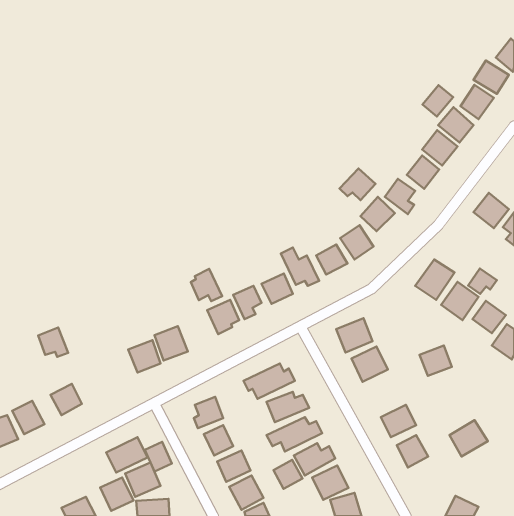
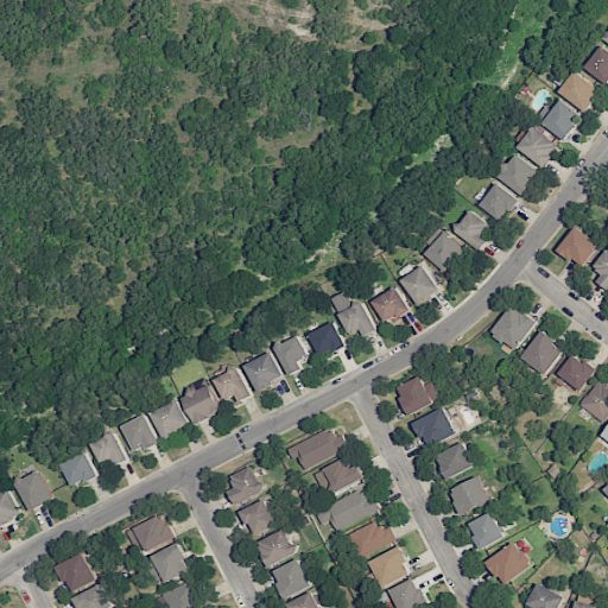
building: [422,85,453,117] -> none
building: [340,168,376,200] -> none
building: [468,268,497,294] -> none
building: [191,269,222,301] -> [214,365,251,403]
building: [38,327,68,357] -> [91,432,127,467]
building: [420,346,452,376] -> [435,443,473,479]
building: none -> [122,414,159,454]
building: [449,420,488,456] -> [486,542,531,584]
building: [145,442,172,472] -> none
building: [273,460,302,489] -> none
building: [100,477,133,511] -> [56,553,95,593]

